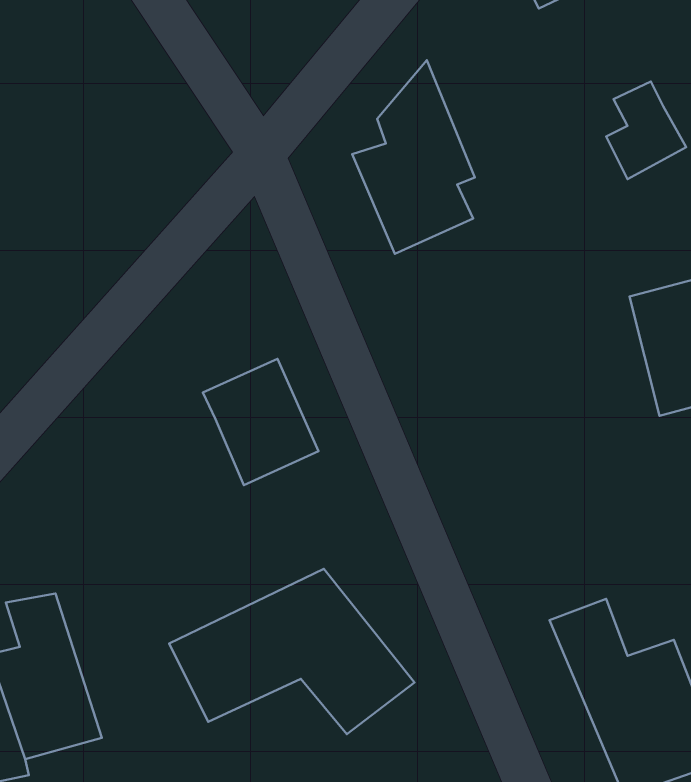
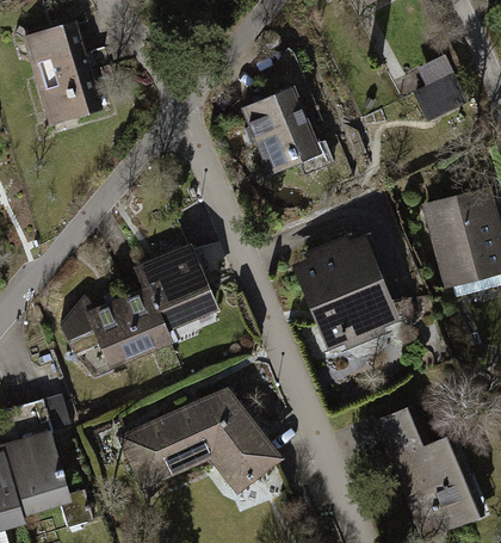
building: none -> [19,21,104,130]
building: none -> [293,236,397,351]
building: none -> [61,285,174,368]

